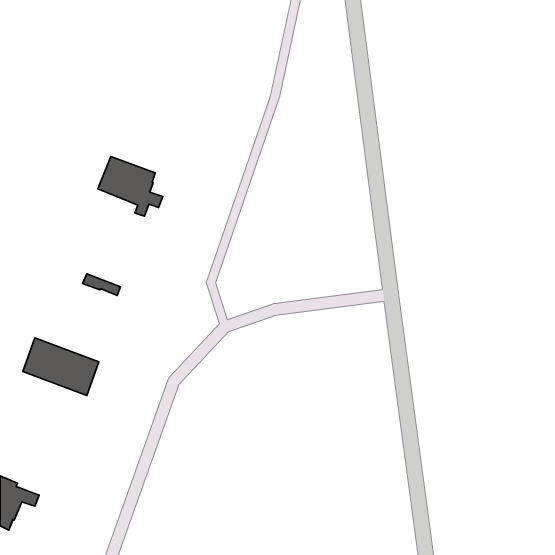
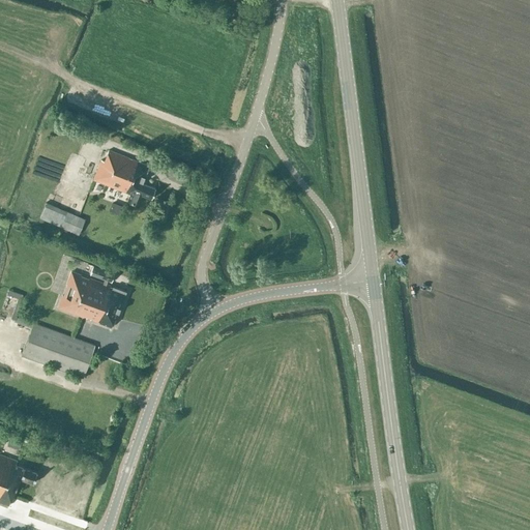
building: none -> [40,206,85,234]
building: none -> [57,270,125,327]

